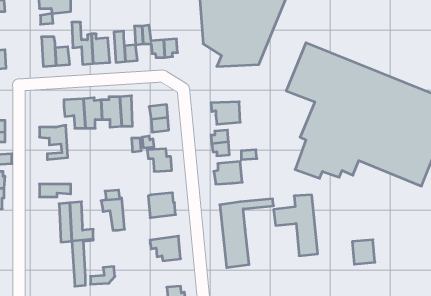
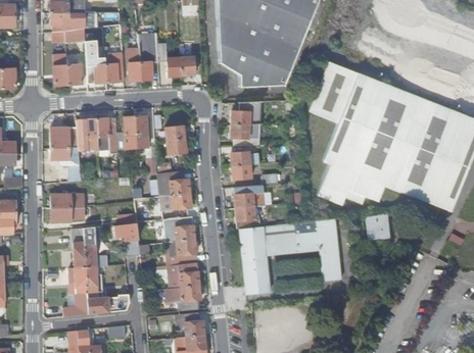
building: none -> [229,101,259,123]
building: none -> [51,128,79,149]
building: none -> [51,194,84,208]
building: none -> [159,194,191,219]
building: none -> [235,207,260,230]
building: none -> [264,231,297,255]
building: none -> [164,240,196,266]
building: [352,240,375,264] -> [367,214,390,240]
building: none -> [65,267,88,316]
building: none -> [164,286,200,312]

